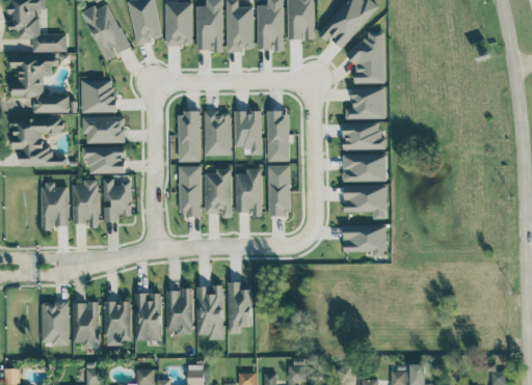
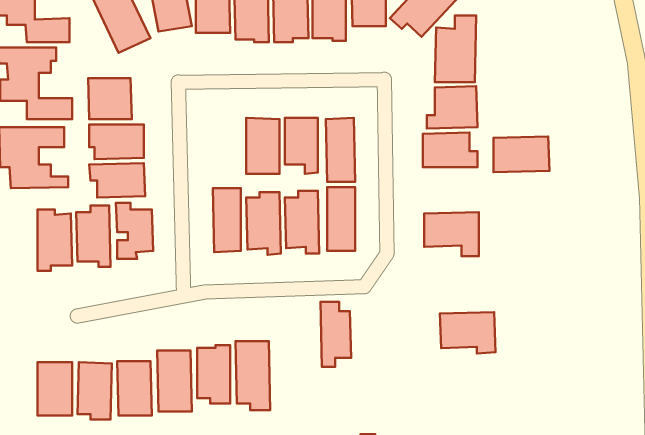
building: [178,111,200,162] -> none
building: [343,154,387,182] -> [494,136,549,172]
building: [343,224,387,256] -> [440,312,496,353]
building: [228,282,251,333] -> [320,302,351,367]

